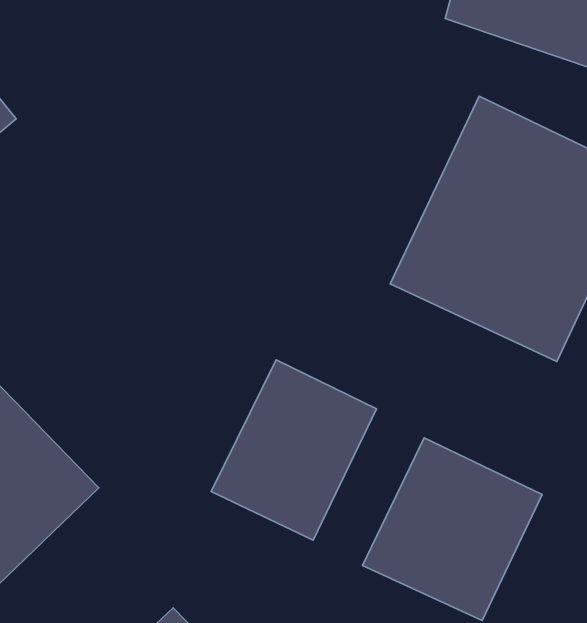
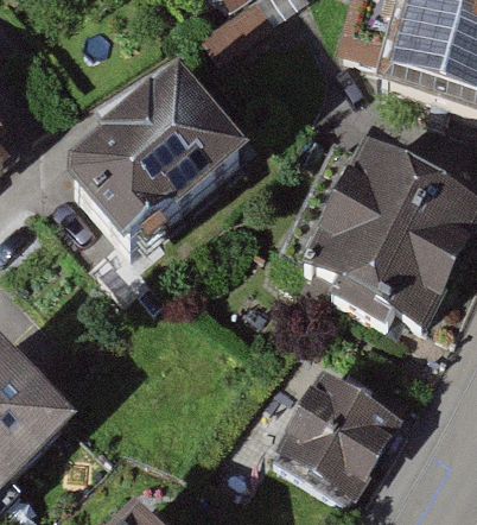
building: none -> [77,82,260,257]
building: [211,360,376,540] -> none

